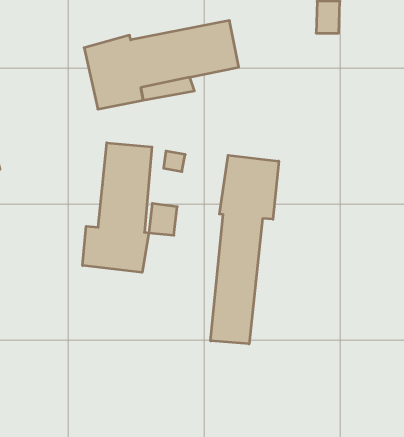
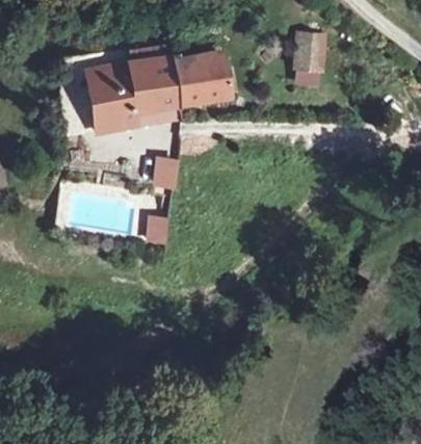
building: [83,143,152,272] -> none
building: [211,155,279,344] -> none

